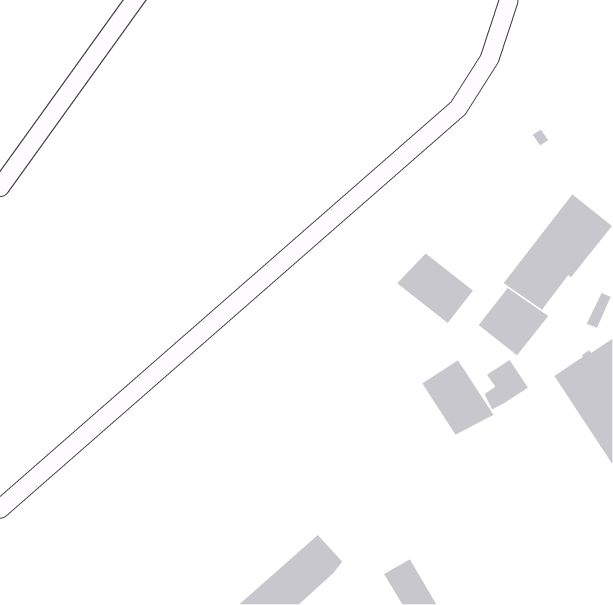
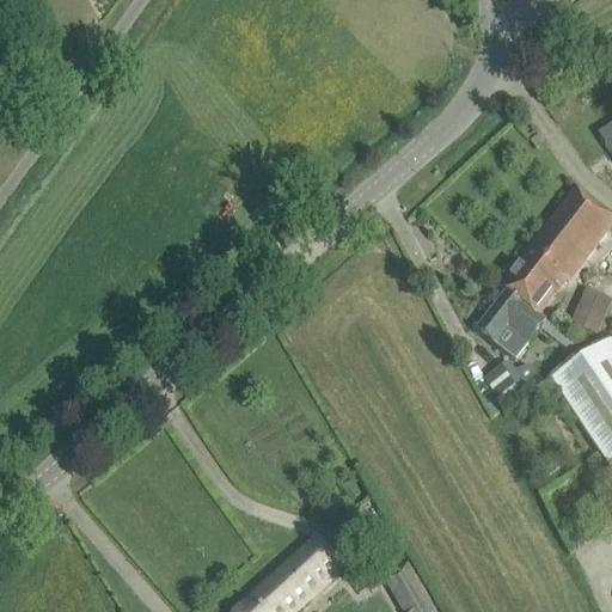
building: [396,252,474,324] -> none
building: [421,359,495,436] -> none

